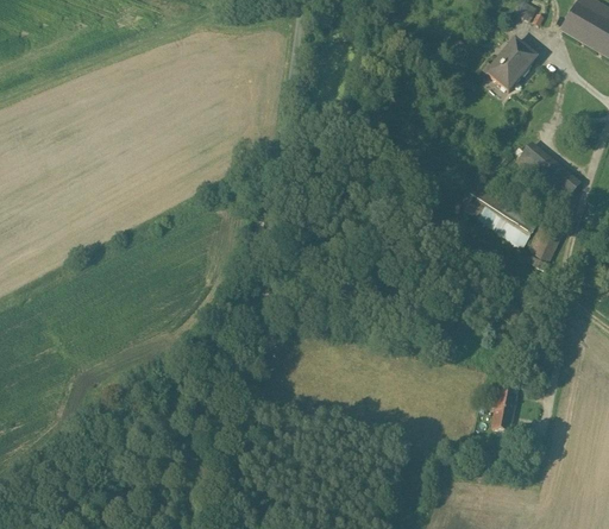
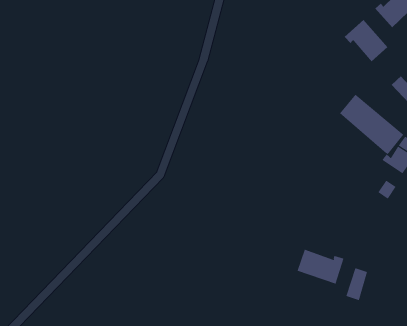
building: none -> [344,19,388,62]
building: none -> [297,249,344,285]

